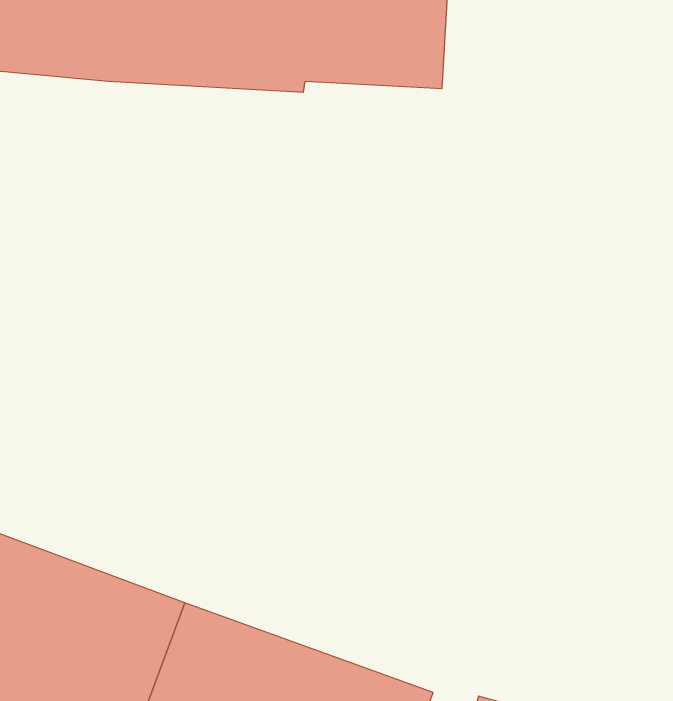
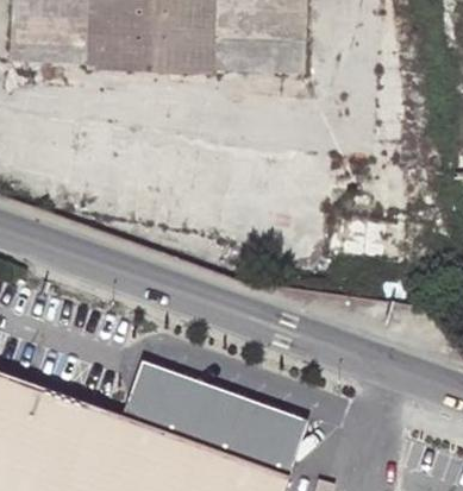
building: none -> [127,366,306,473]

